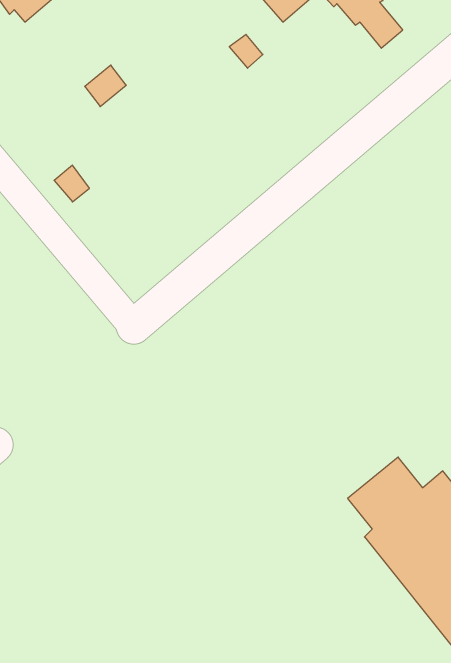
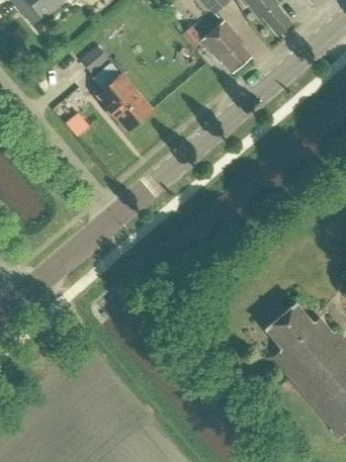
building: none -> [203,20,253,73]
building: none -> [94,62,155,129]

